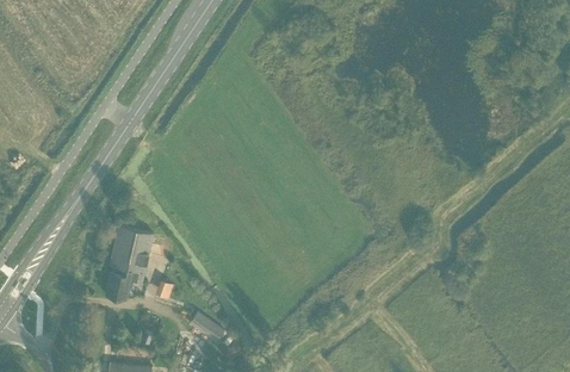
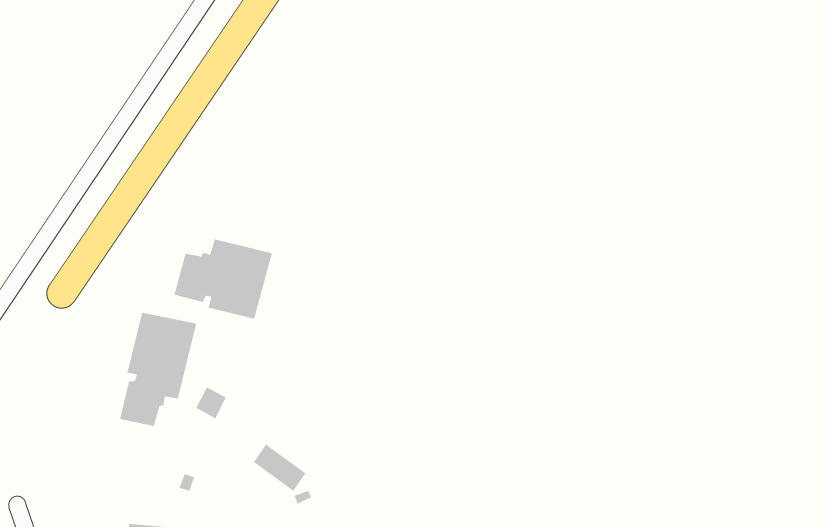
building: none -> [174,239,273,320]

